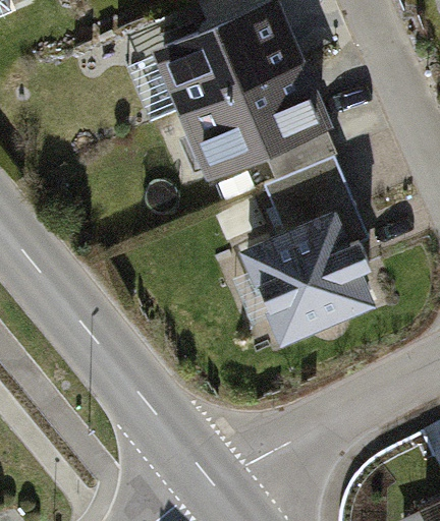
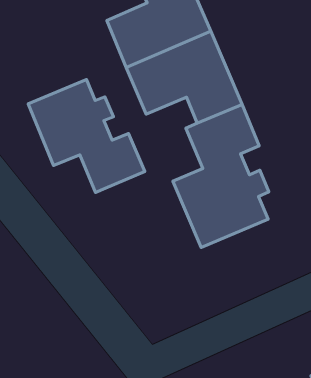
building: none -> [28,79,145,192]

